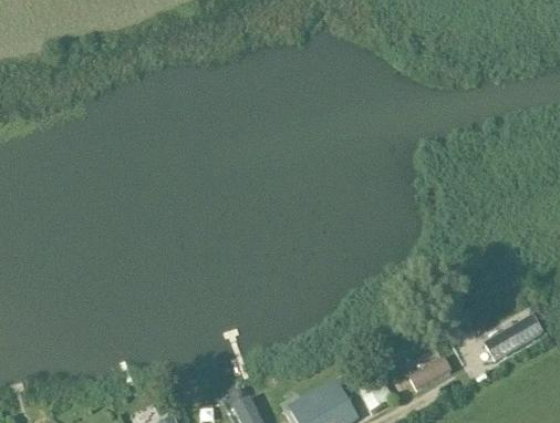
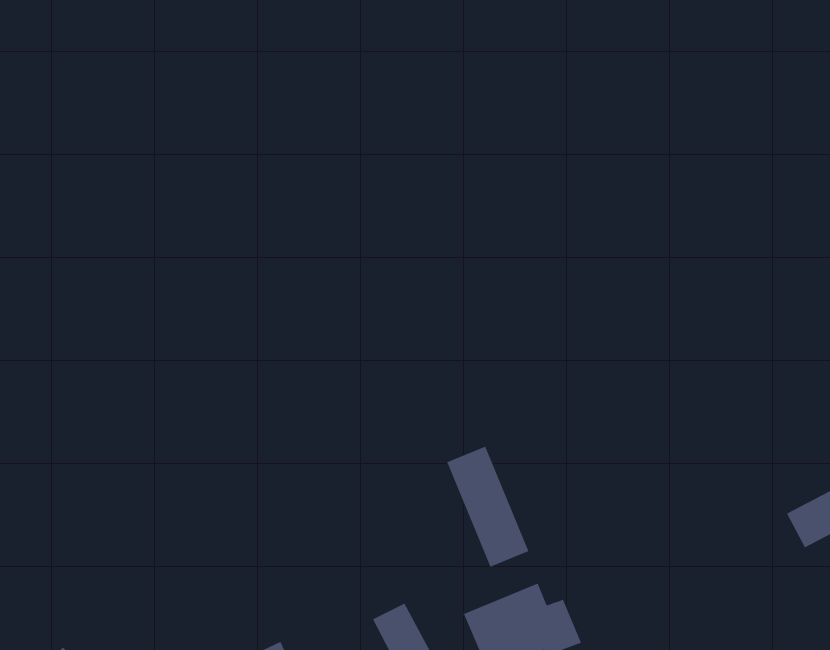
building: none -> [446,446,529,567]
building: [407,355,453,392] -> none

